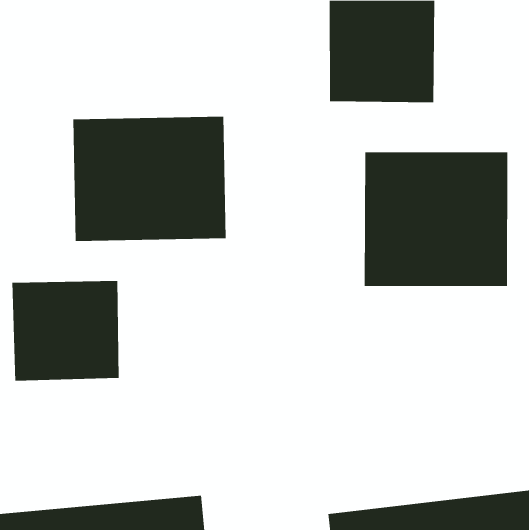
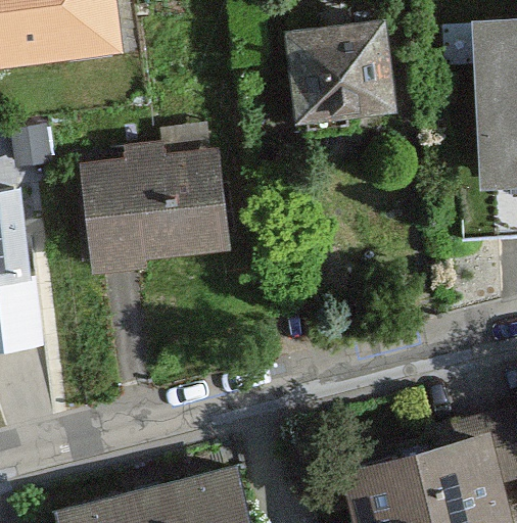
building: [364,151,508,287] -> none
building: [12,280,119,382] -> none

